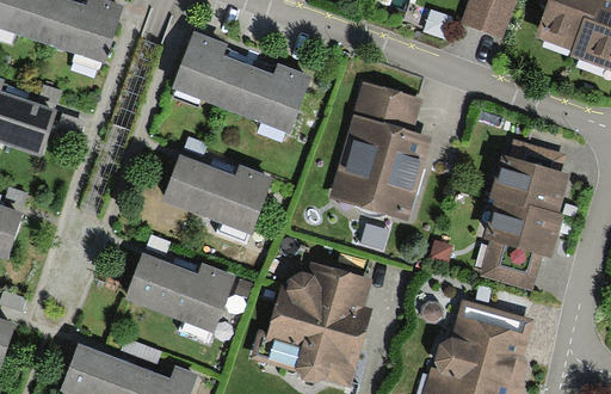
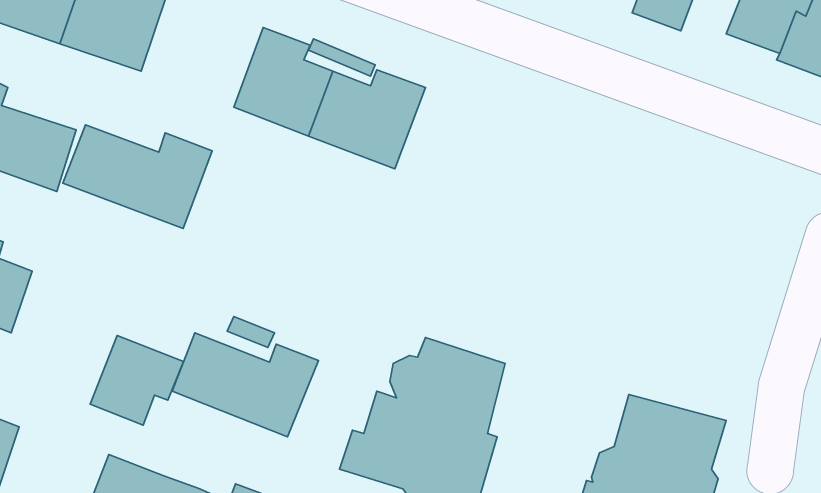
building: [331,81,430,217] -> none
building: [481,137,568,287] -> none
building: [163,158,273,234] -> [63,125,212,229]
building: none -> [90,336,184,425]

